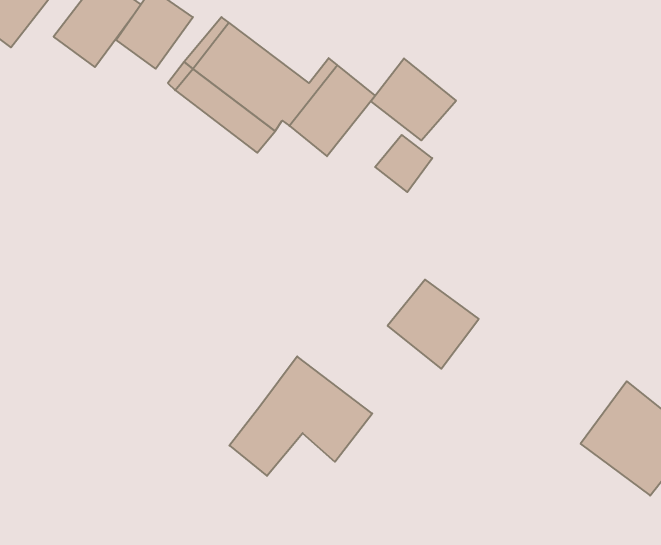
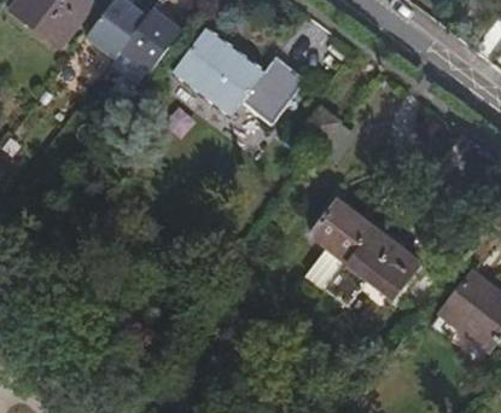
building: [371,58,456,140] -> none
building: [229,356,372,476] -> [331,231,427,312]

